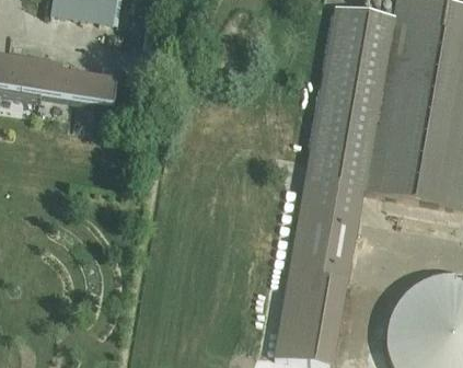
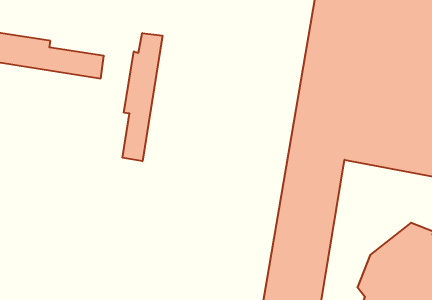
building: none -> [123,33,162,161]

